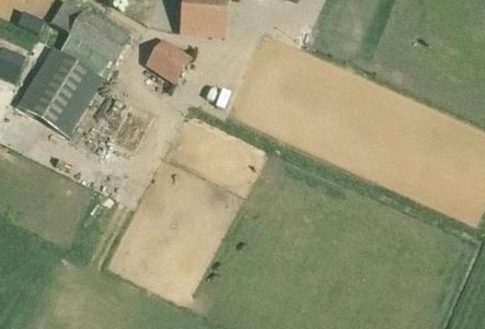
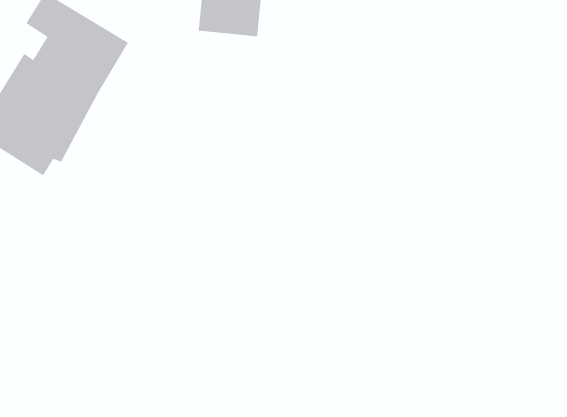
building: [145,37,190,83] -> none

